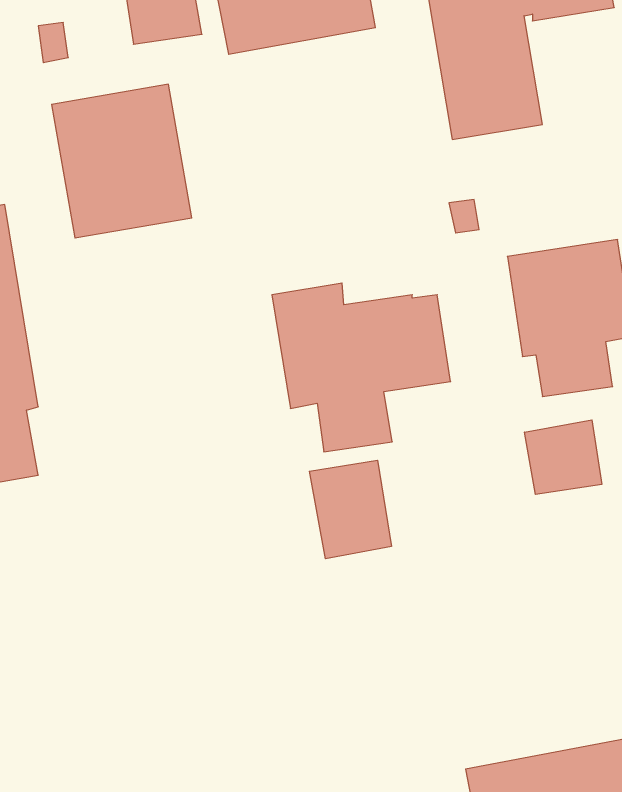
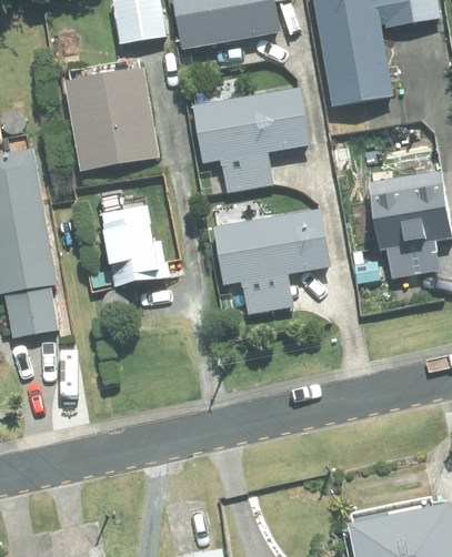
building: none -> [194,89,308,191]
building: none -> [99,190,169,285]
building: [525,420,602,494] -> none
building: [309,460,391,559] -> none

